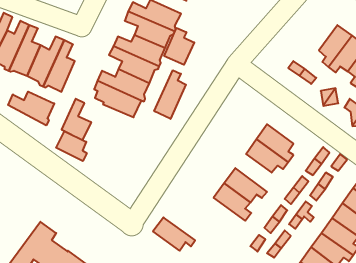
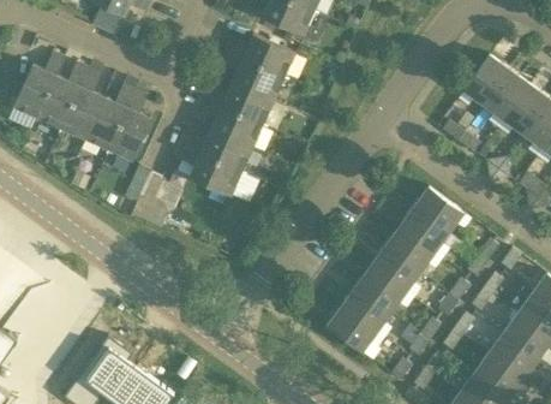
building: none -> [457,54,509,103]
building: [164,28,194,65] -> none
building: [154,70,186,119] -> none
building: [8,92,54,125] -> none
building: none -> [413,185,471,231]
building: [56,131,87,161] -> none
building: none -> [370,245,420,297]
building: [153,217,195,251] -> [325,305,383,351]

